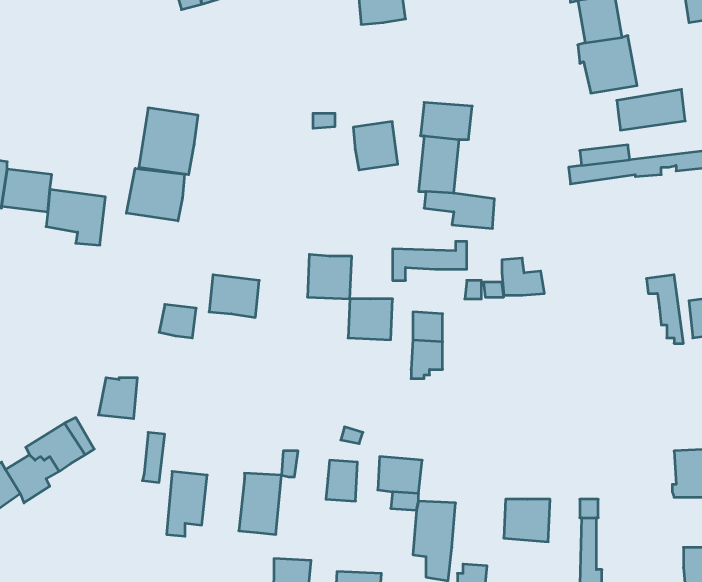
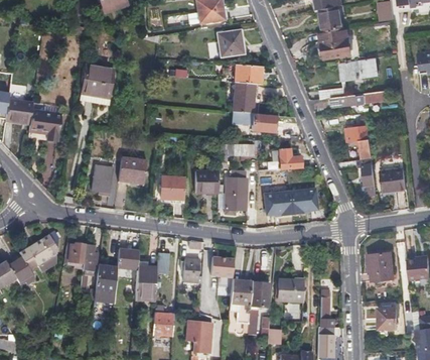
building: [353,122,398,170] -> [218,30,242,56]
building: [126,168,185,221] -> none
building: none -> [345,125,372,158]
building: [307,254,352,299] -> [161,176,185,201]
building: none -> [264,189,318,217]
building: [98,378,137,419] -> [64,244,86,266]
building: none -> [118,249,140,269]
building: none -> [251,282,268,308]

